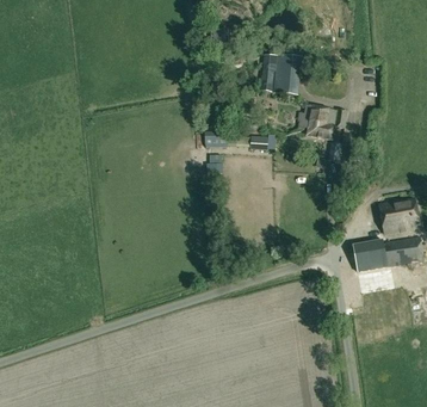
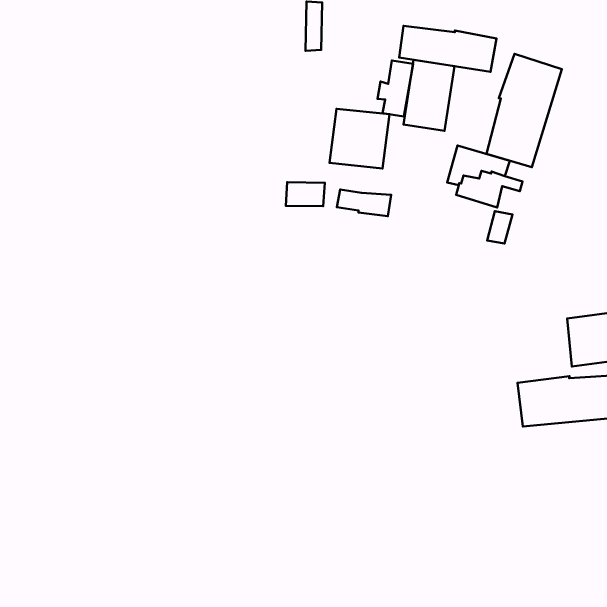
building: none -> [399,26,496,72]
building: none -> [486,54,562,167]
building: none -> [330,109,389,168]

